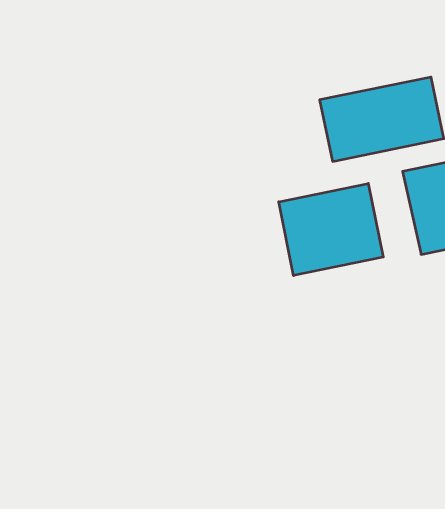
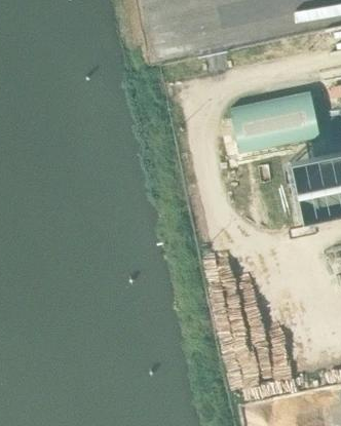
building: [279,183,383,276] -> none

